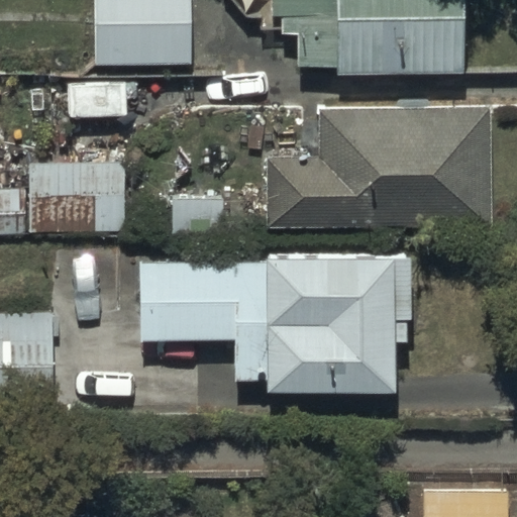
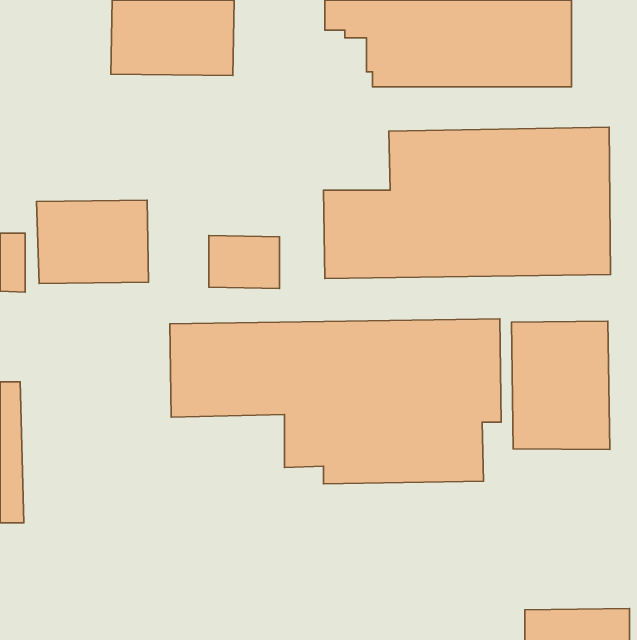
building: none -> [511,321,610,450]

